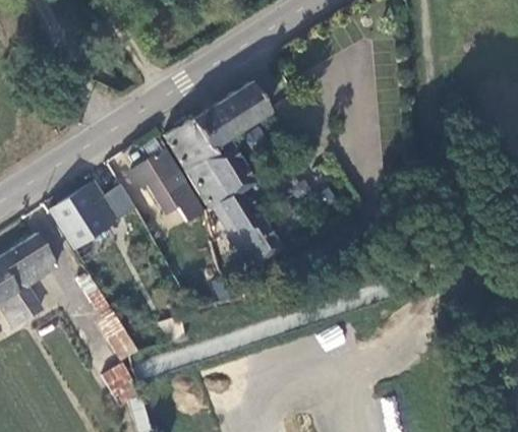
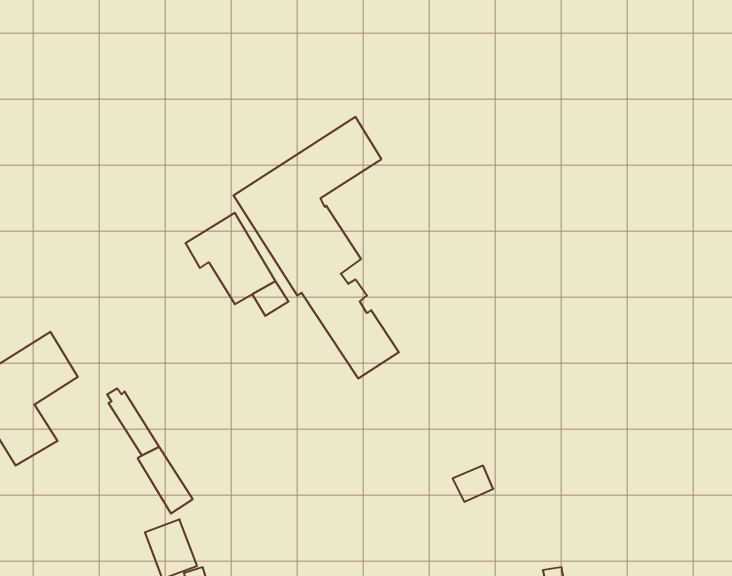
building: [51,181,135,247] -> none

